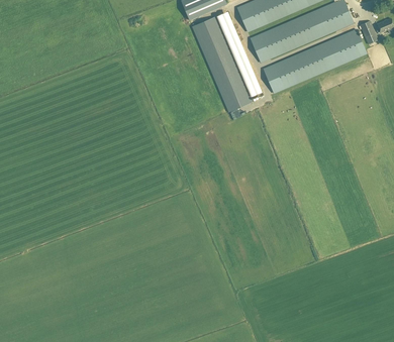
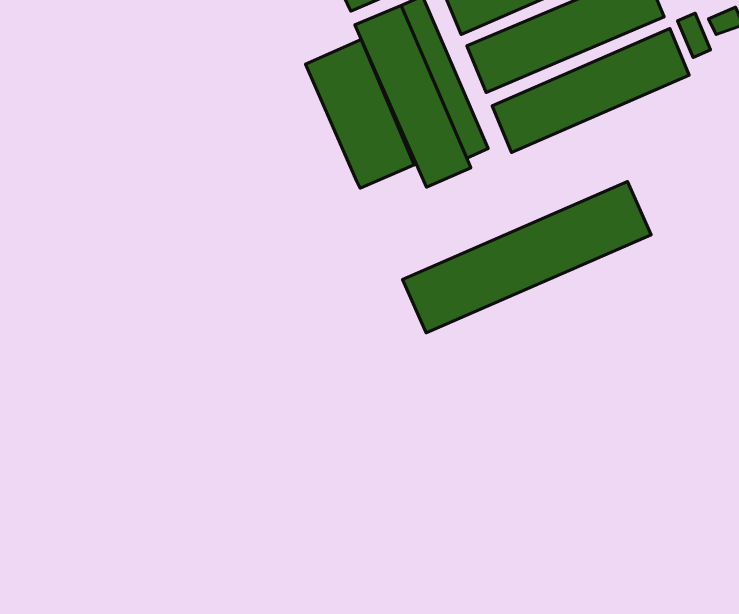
building: none -> [306,39,414,188]
building: none -> [403,182,651,333]

